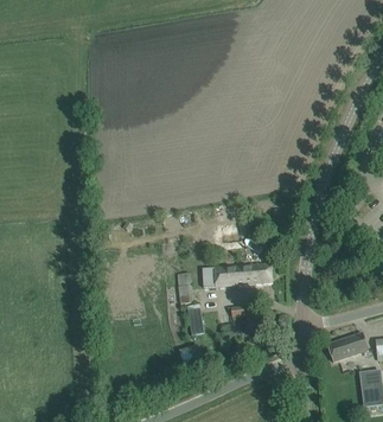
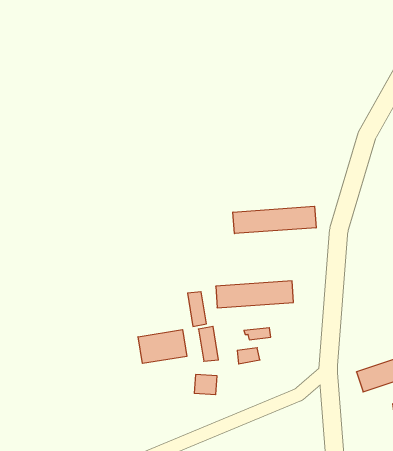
building: none -> [233,206,316,234]
building: none -> [138,330,187,363]

